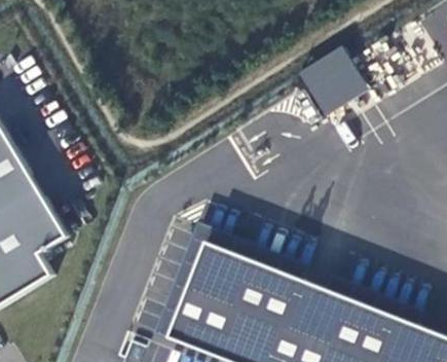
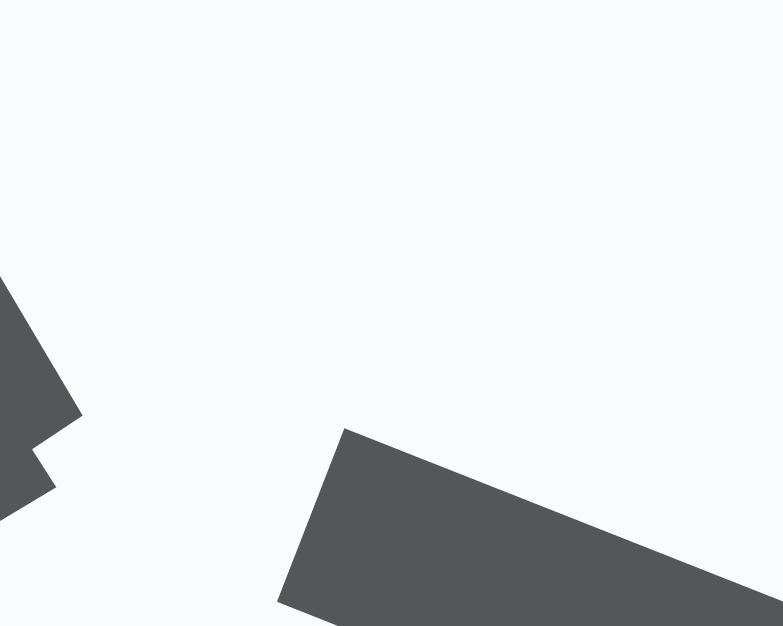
building: [298,43,363,109] -> none

